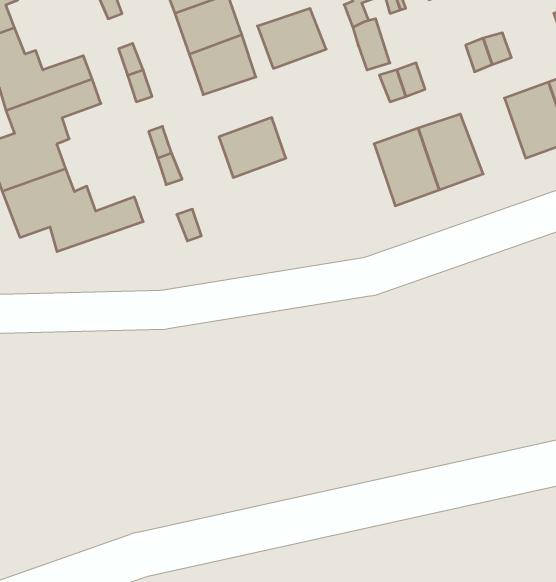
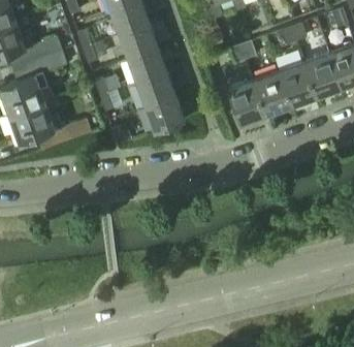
building: [257,9,326,68] -> [126,48,166,83]
building: none -> [277,60,315,104]
building: none -> [143,95,184,131]

